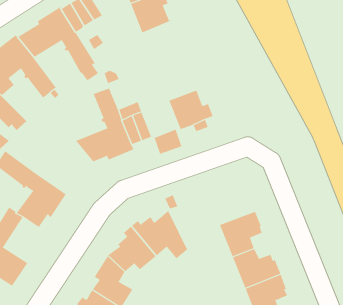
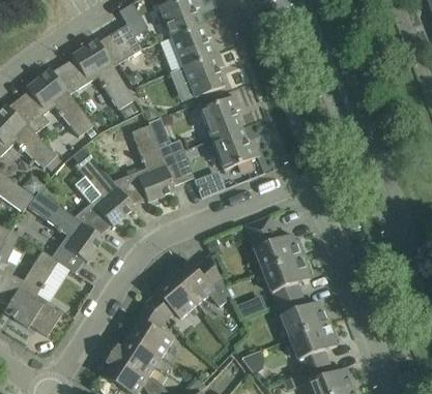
building: none -> [183,53,225,97]
building: none -> [200,94,241,139]
building: none -> [73,153,135,235]
building: none -> [248,215,304,270]

